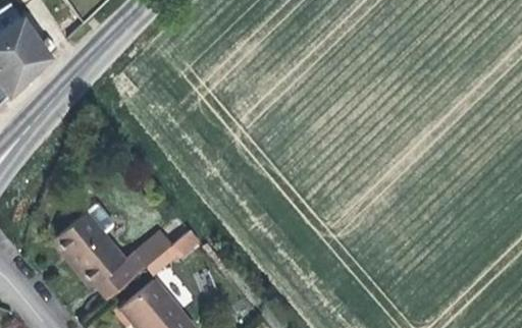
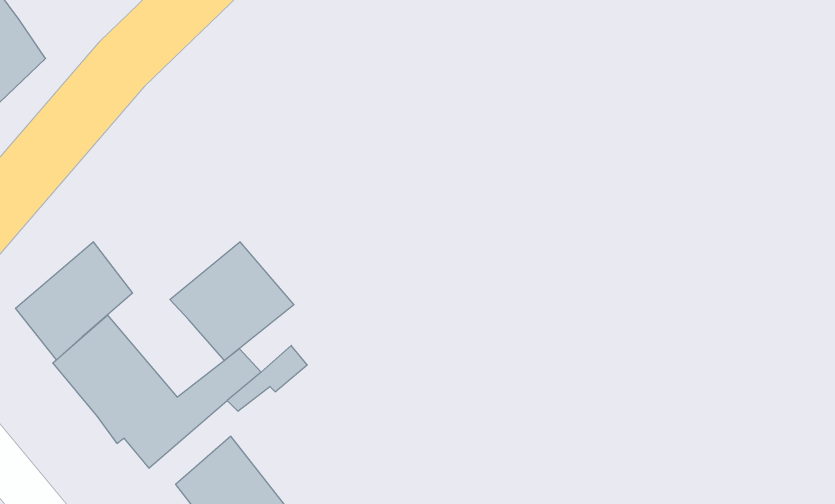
building: none -> [16,242,133,360]
building: none -> [170,242,294,361]

